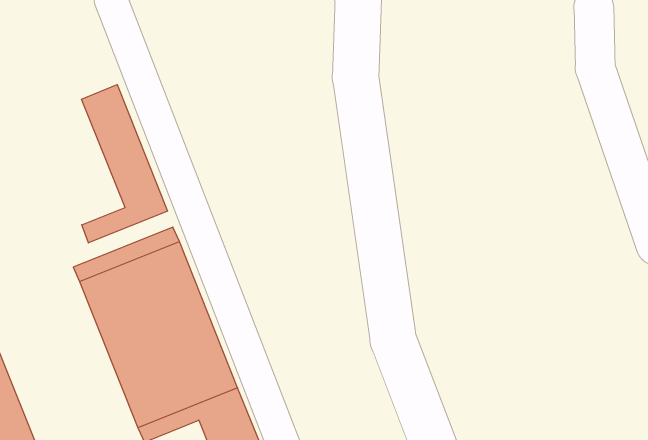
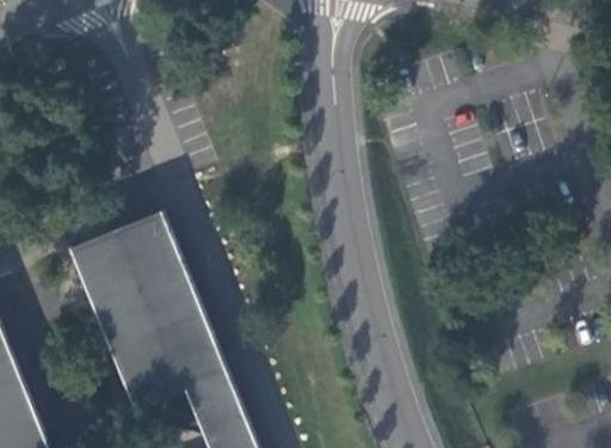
building: [81,85,168,243] -> none

